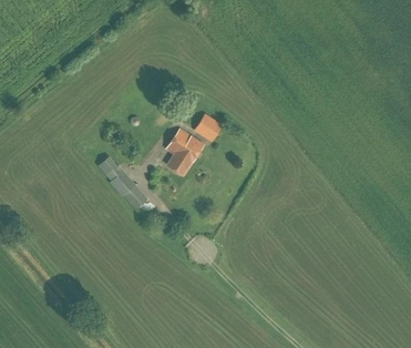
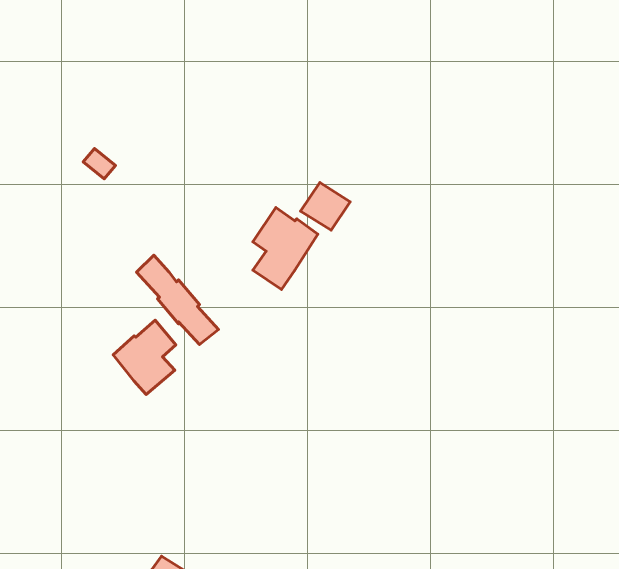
building: none -> [113,320,176,394]

